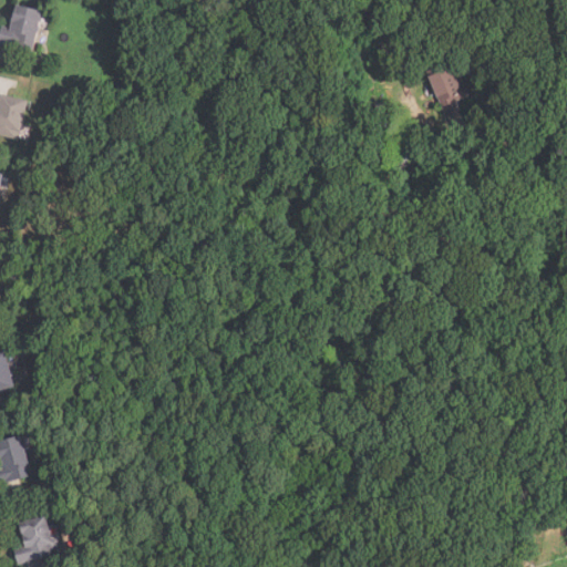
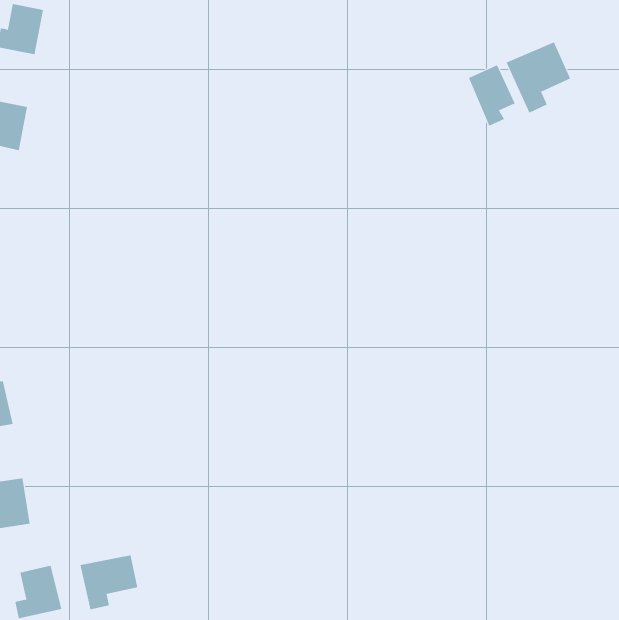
building: none -> [506,42,571,113]
building: none -> [80,555,138,610]

